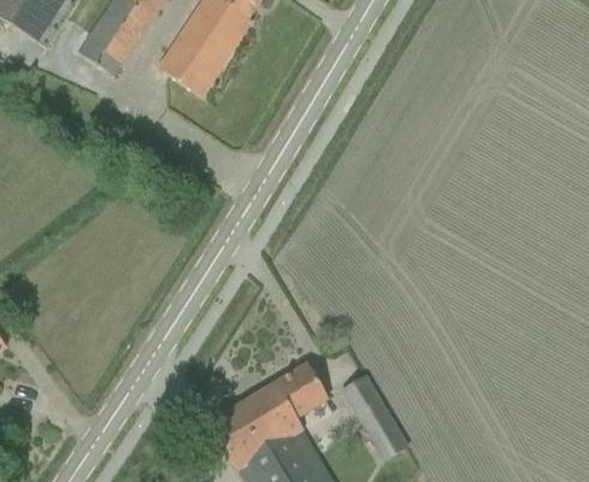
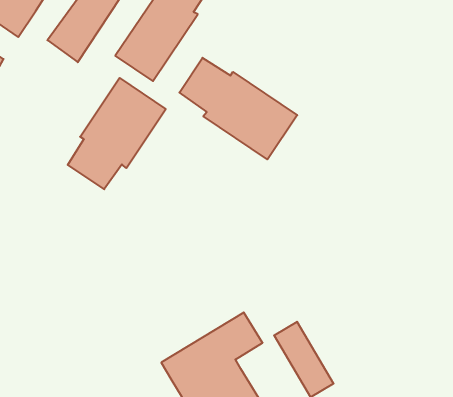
building: none -> [179,58,297,159]
building: none -> [68,78,166,189]

